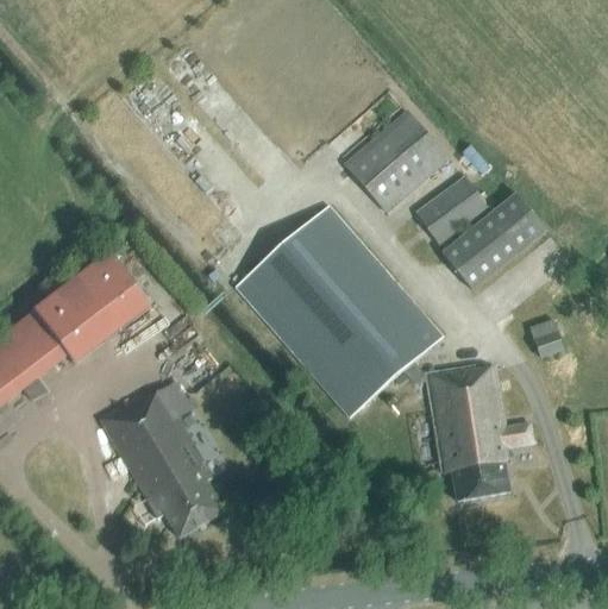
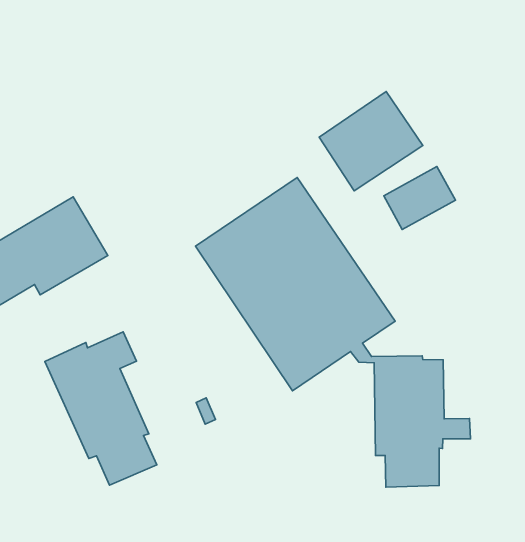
building: [440,192,545,288] -> none
building: [529,318,563,356] -> none

